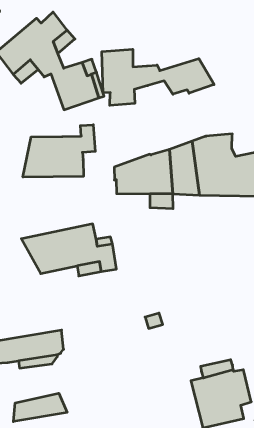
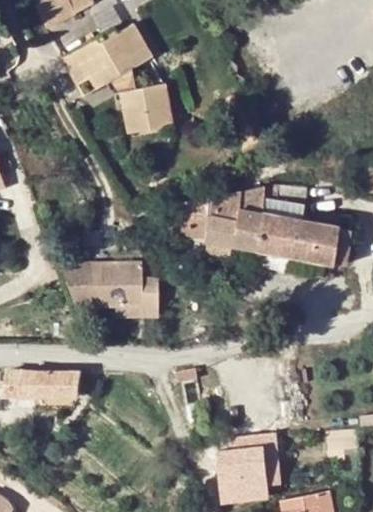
building: [102,49,214,105] -> none
building: [23,125,95,177] -> none
building: [13,393,67,422] -> none

